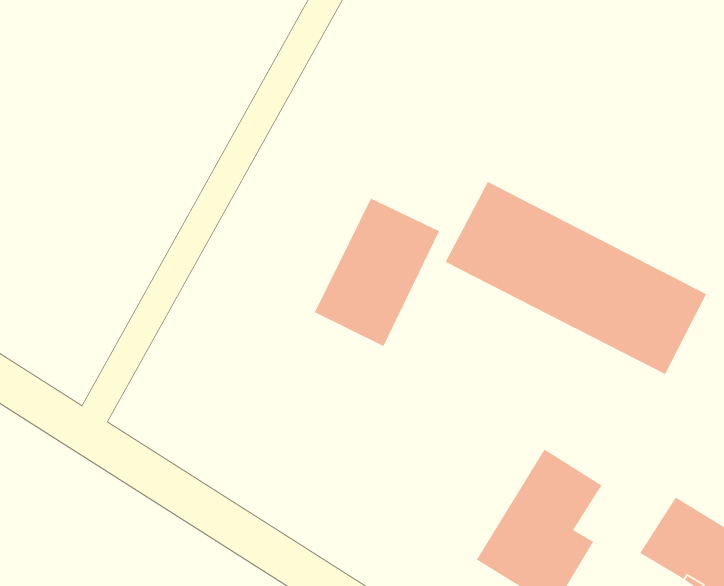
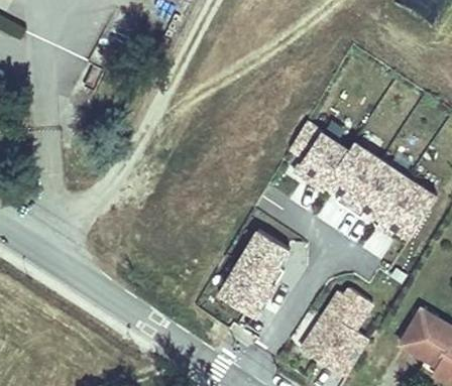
building: [314,198,440,347] -> [218,227,295,317]

